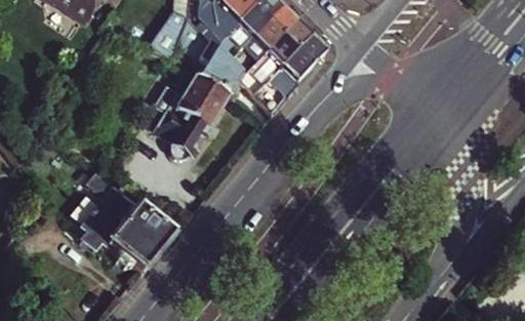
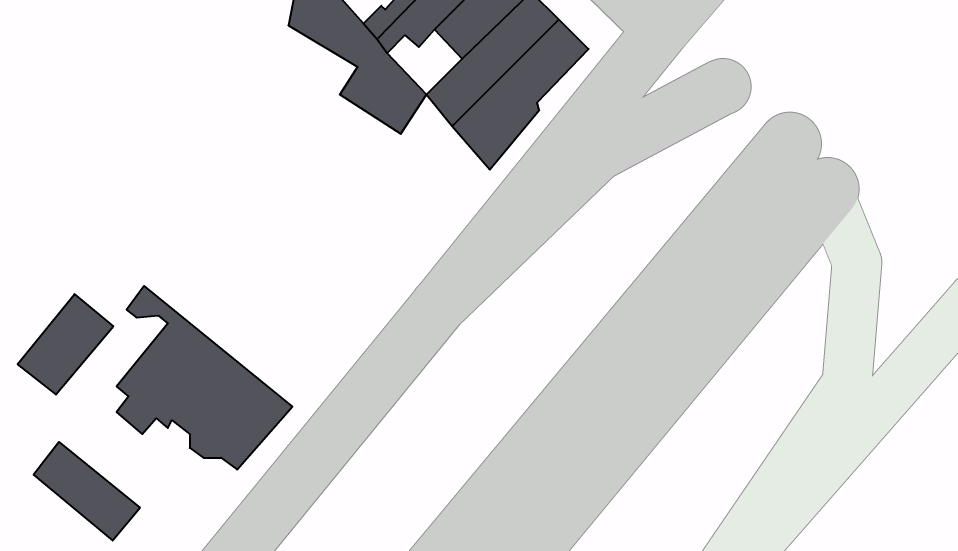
building: [153,75,229,159] -> none
building: none -> [18,294,113,395]
building: none -> [34,442,140,541]

